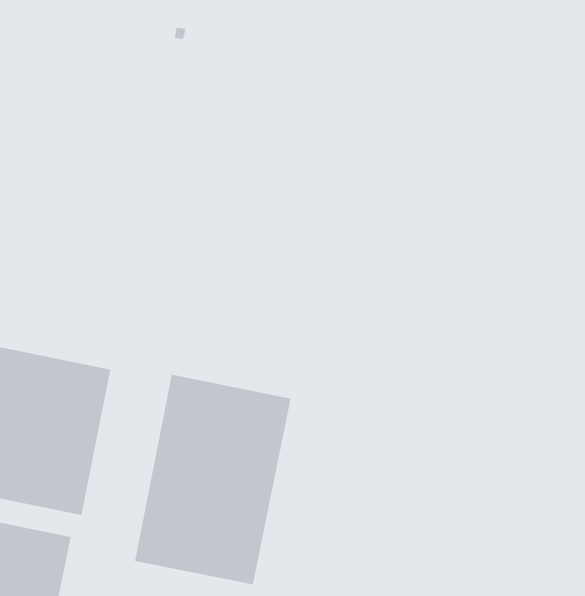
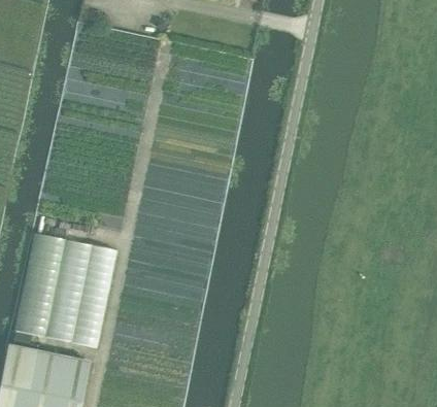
building: [135,374,291,585] -> none

